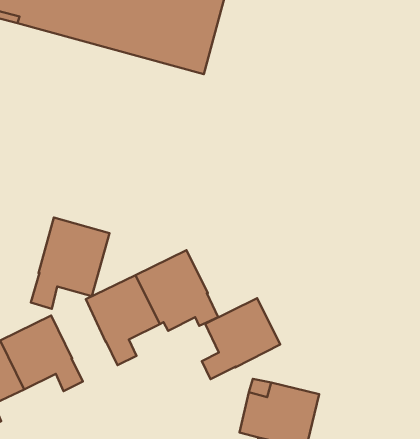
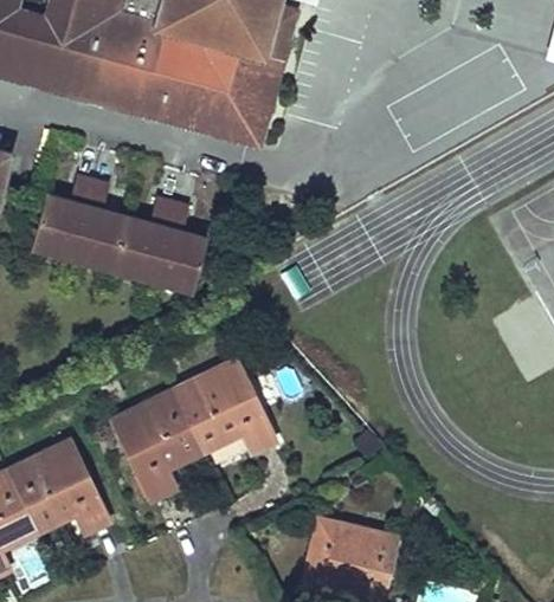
building: none -> [32,174,207,290]
building: [31,218,109,309] -> none
building: [202,298,280,379] -> none

